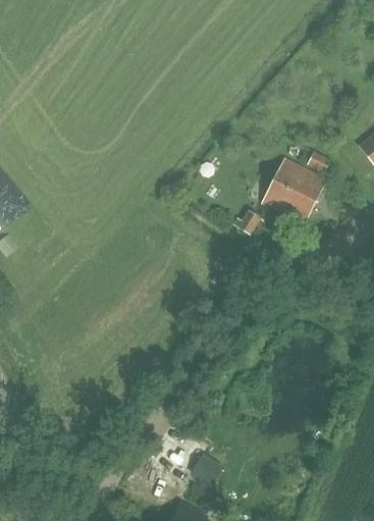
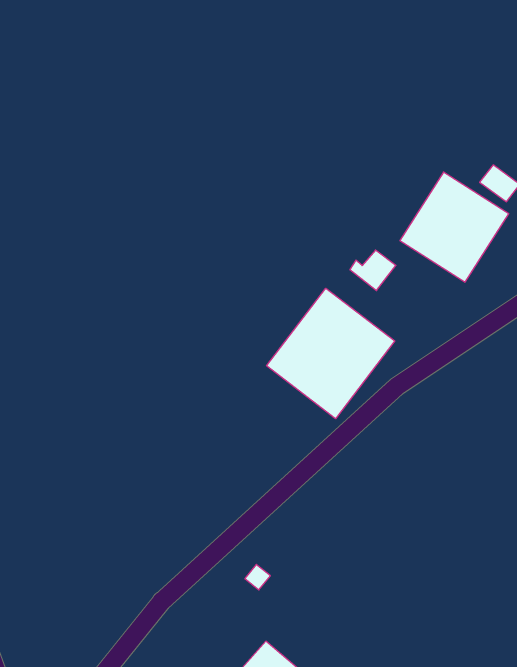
building: none -> [267,288,395,419]

